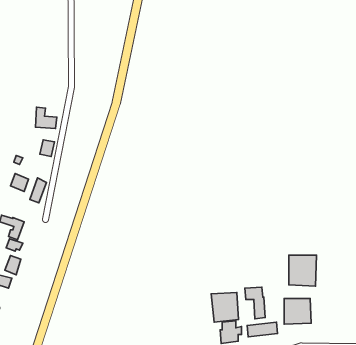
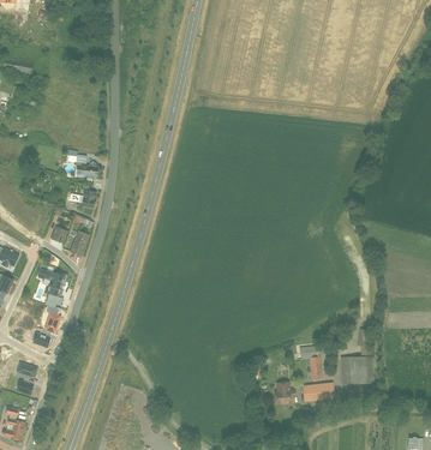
building: [289,255,317,286] -> none
building: [211,292,238,322] -> none

